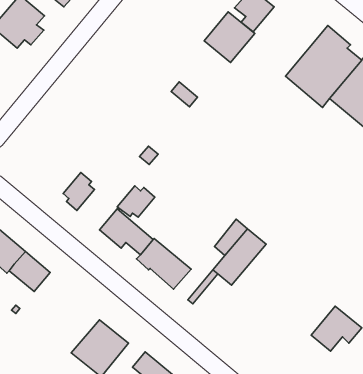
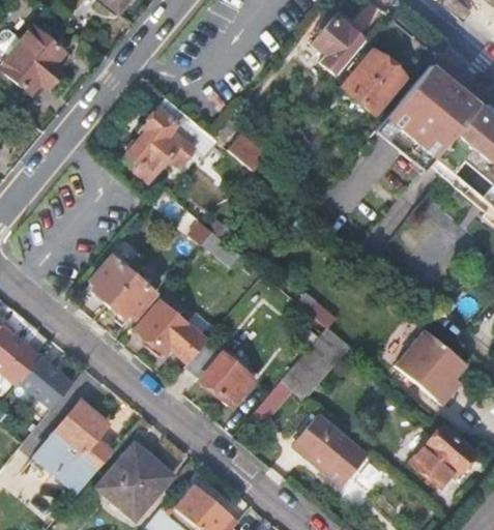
building: [204,12,255,62] -> [342,50,407,115]
building: none -> [125,97,207,184]
building: [117,186,155,217] -> [108,275,156,316]
building: none -> [397,331,468,406]
building: none -> [36,401,112,491]
building: none -> [295,411,368,482]

